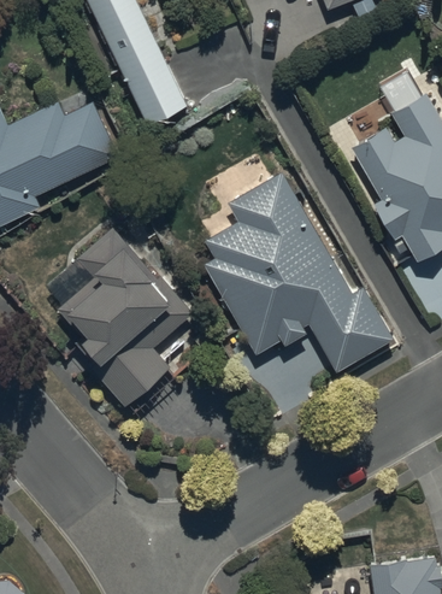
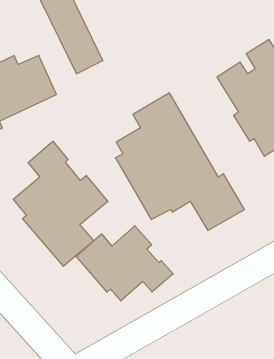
building: none -> [76,226,173,301]

